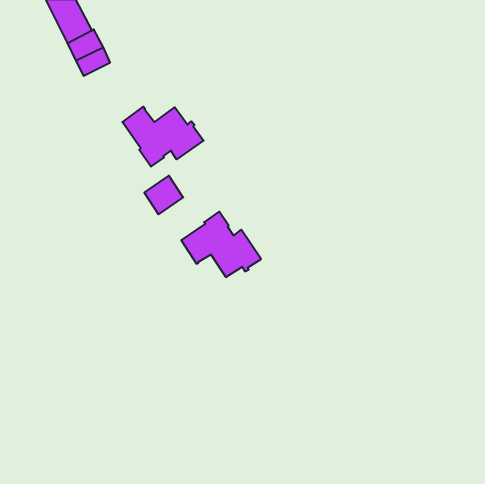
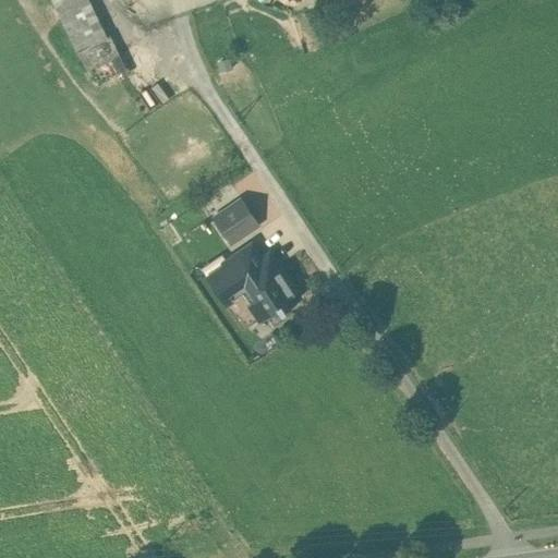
building: [122,107,204,167] -> none
building: [144,176,183,214] -> [214,197,258,242]

